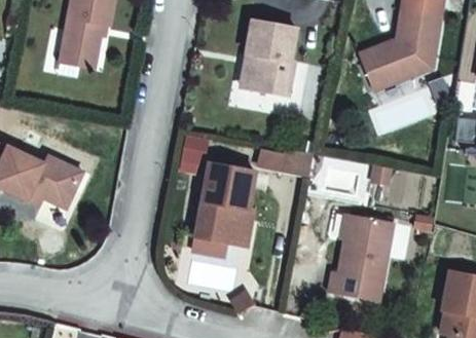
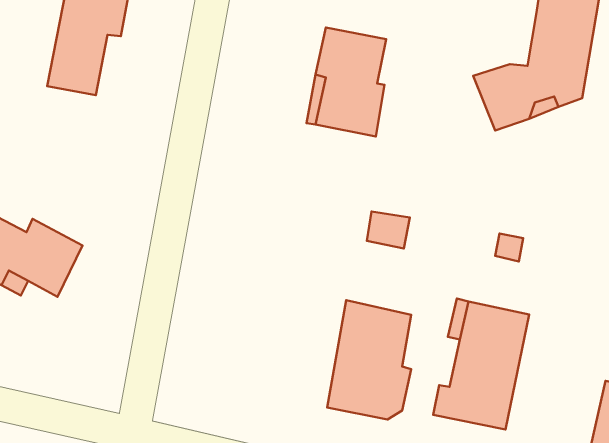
building: [197,161,256,245] -> [327,300,411,419]

